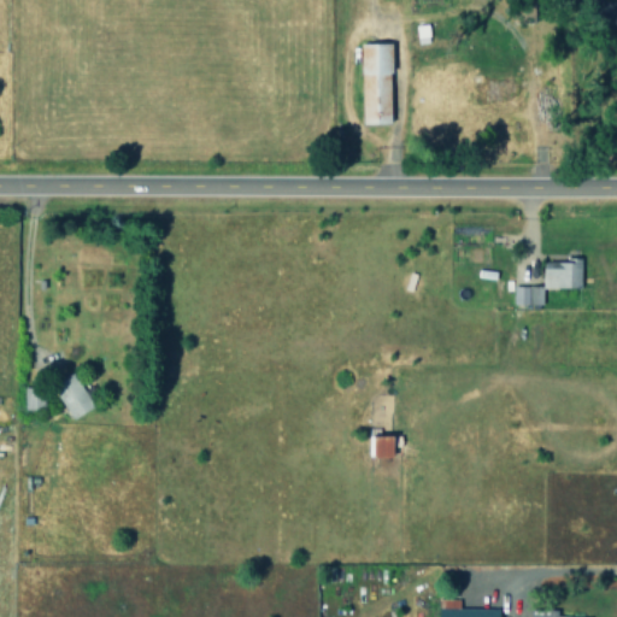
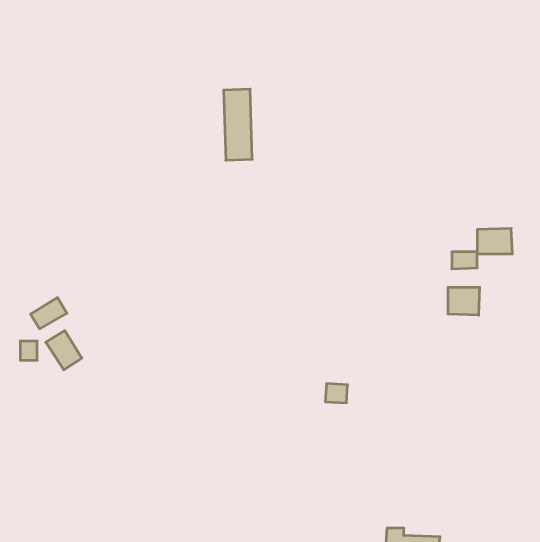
building: [363,43,395,124] -> [224,89,252,160]
building: none -> [448,287,480,315]
building: none -> [31,298,67,329]

